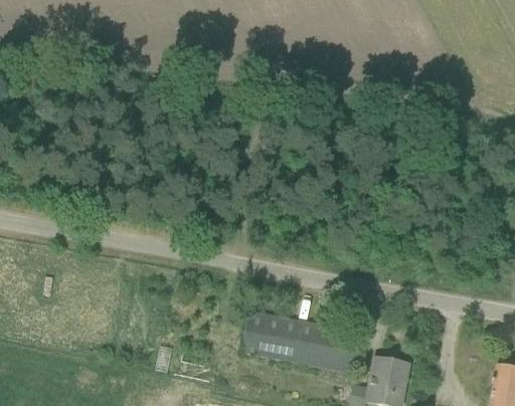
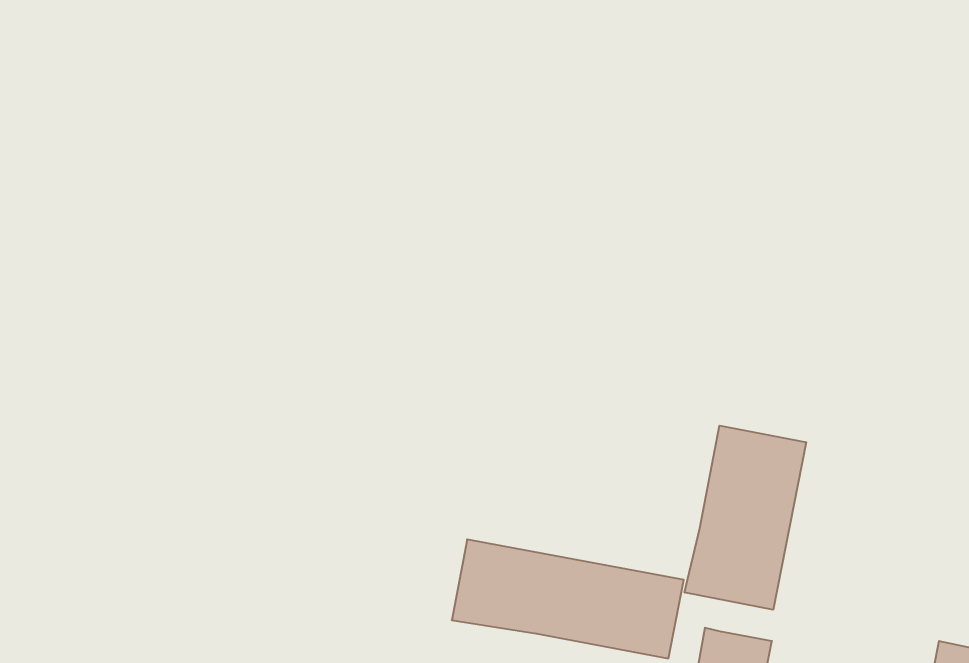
building: none -> [685,426,806,610]

